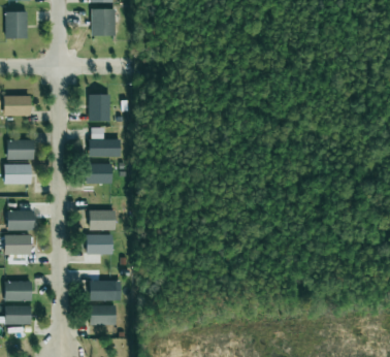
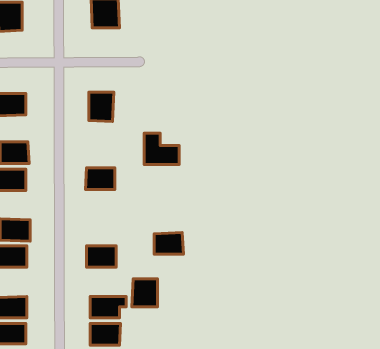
building: [89,127,121,156] -> [144,133,179,165]
building: [89,209,116,229] -> [154,233,183,254]
building: none -> [132,279,157,307]

